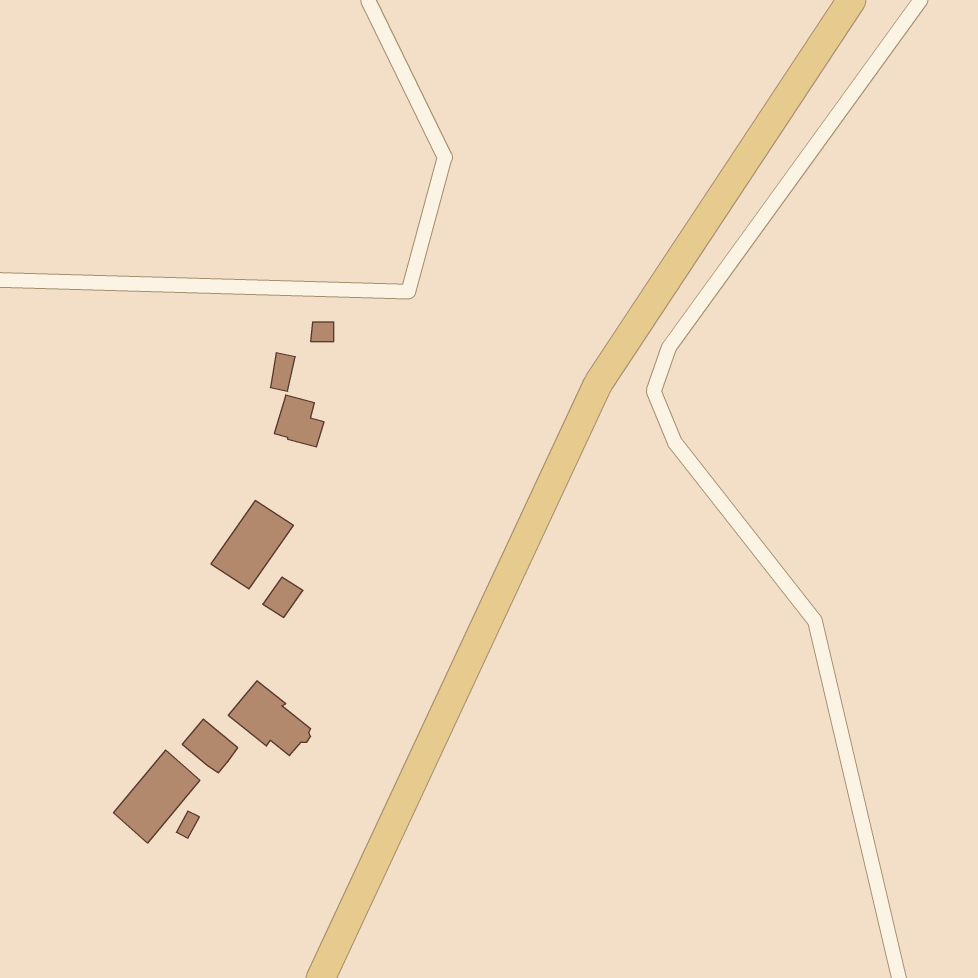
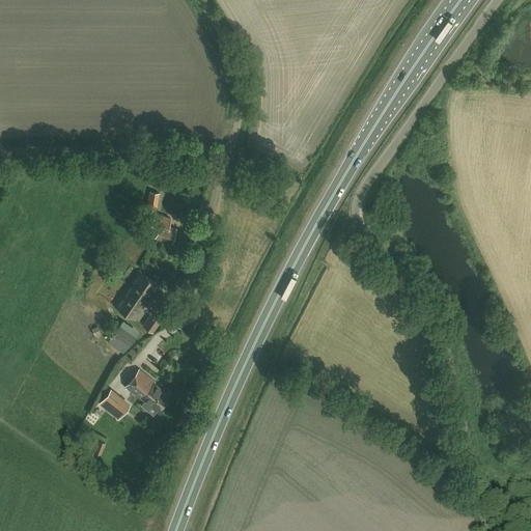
building: none -> [109,319,141,353]
building: [114,750,200,843] -> none

